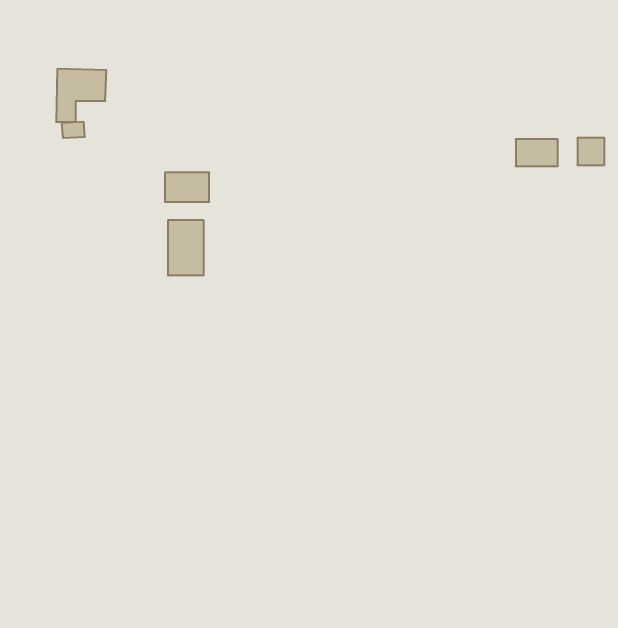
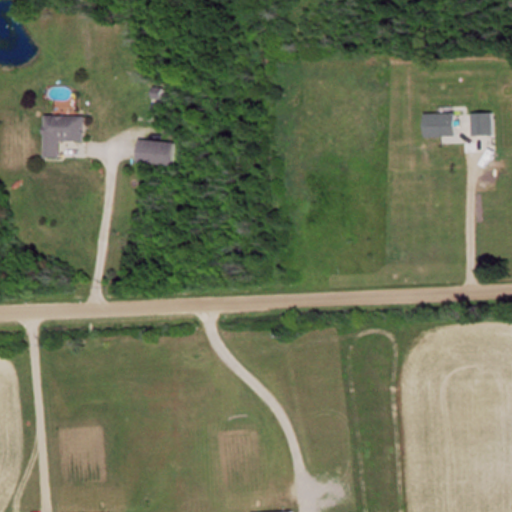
building: [56,69,106,122] -> [43,115,84,158]
building: [168,220,203,276] -> none

